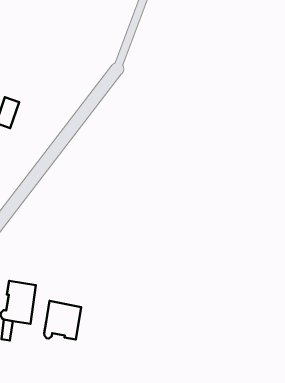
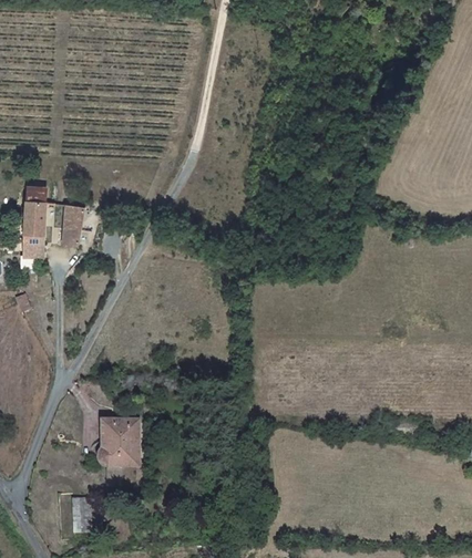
building: [44,301,81,339] -> none

